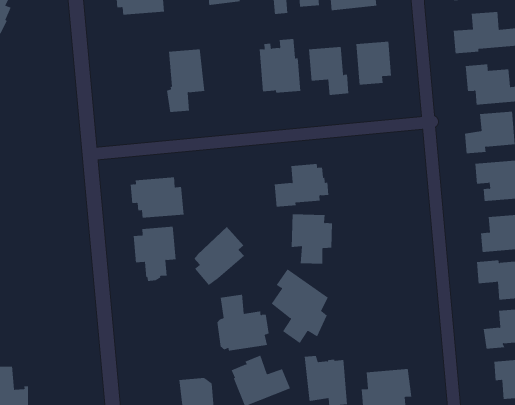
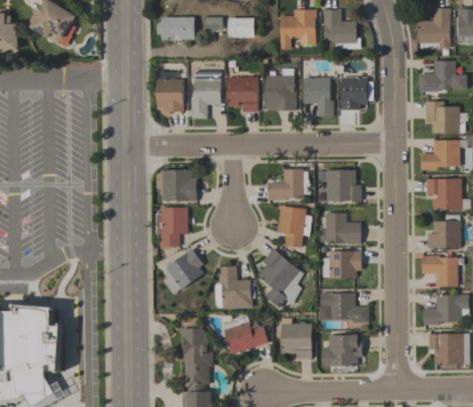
building: none -> [227,77,258,111]
building: none -> [157,70,183,111]
building: none -> [319,169,362,200]
building: none -> [319,213,361,243]
building: [193,226,245,286] -> [163,248,204,294]
building: none -> [322,250,362,276]
building: none -> [318,293,369,323]

